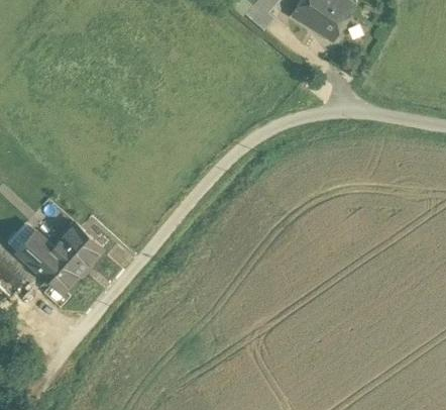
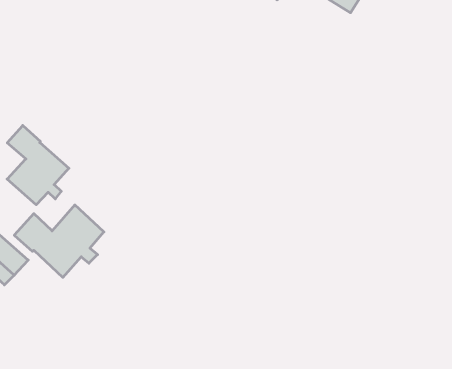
building: none -> [7,125,69,205]

